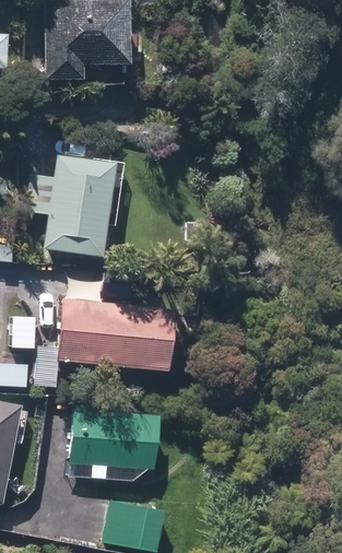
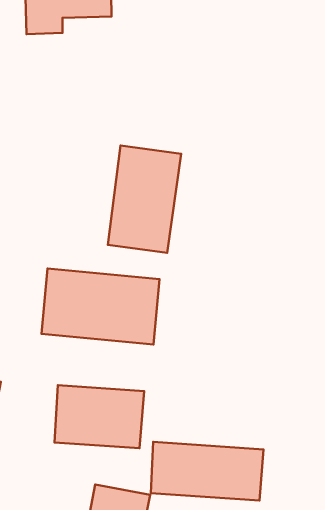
building: [46,155,115,256] -> [108,146,181,253]
building: none -> [151,442,264,501]

